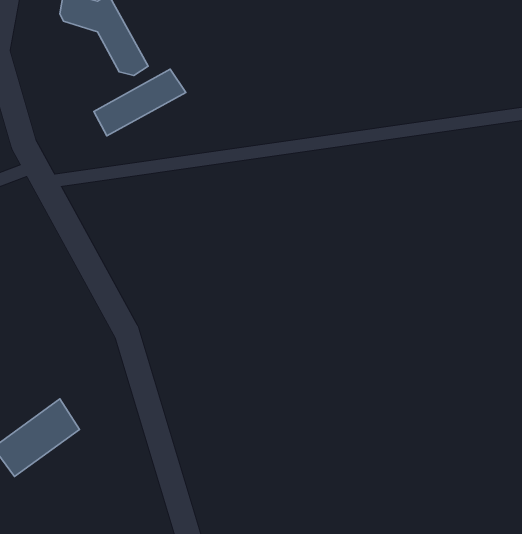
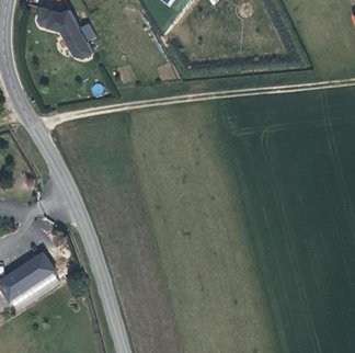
building: [94,69,186,136] -> none

